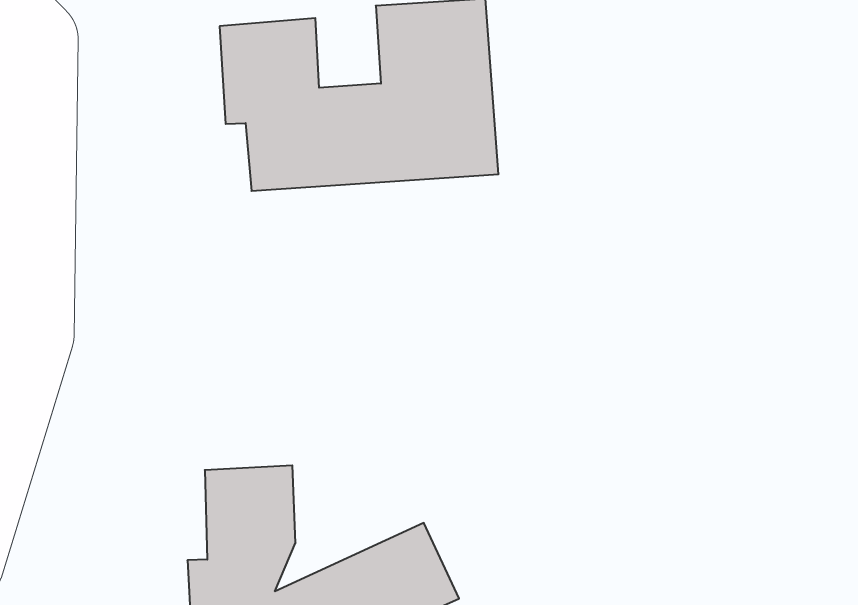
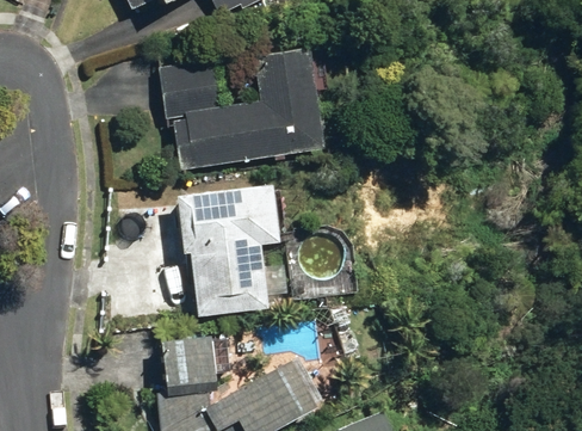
building: none -> [179,184,281,314]

